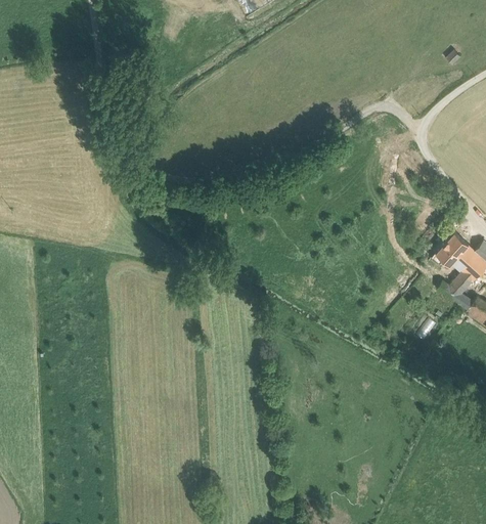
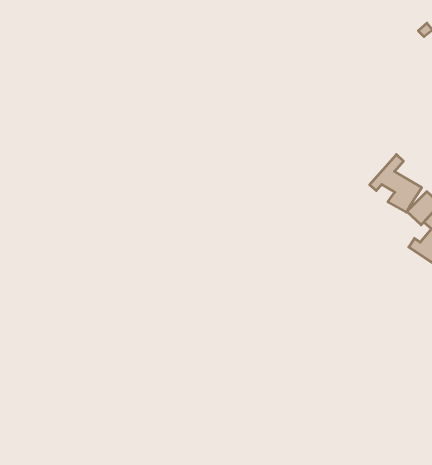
building: none -> [370,154,422,212]

